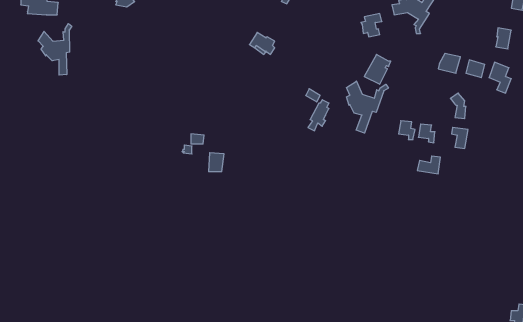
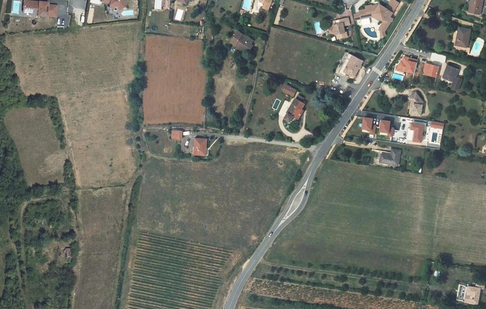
building: [38,24,72,75] -> none
building: [346,81,388,133] -> none

